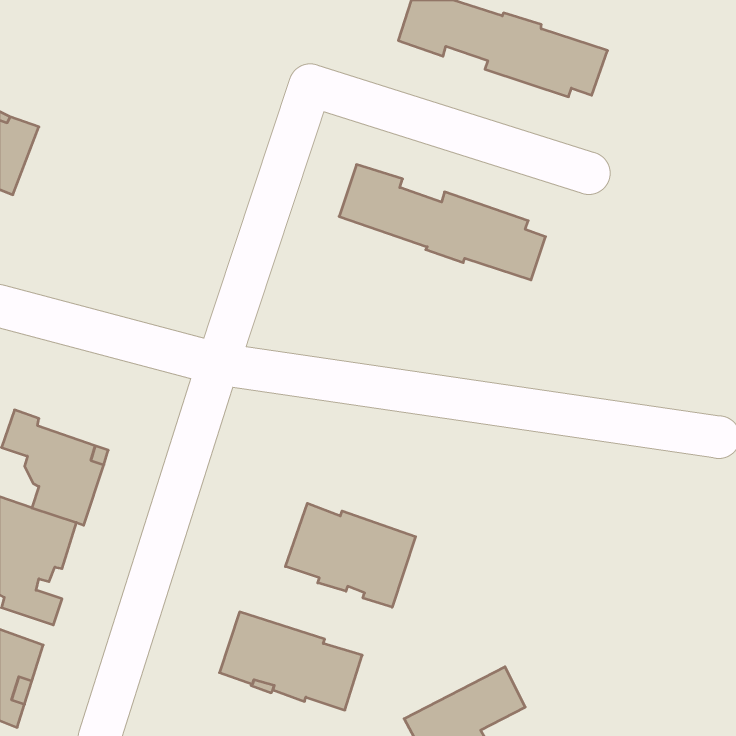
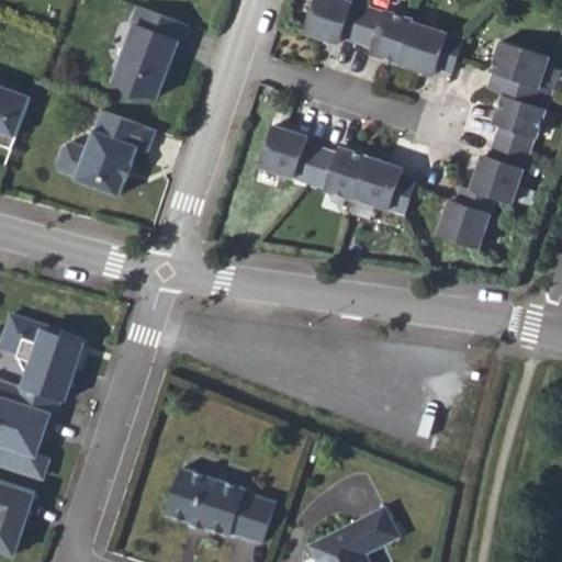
building: none -> [111,7,187,98]
building: none -> [436,40,551,247]
building: none -> [53,110,155,196]
building: [285,503,416,607] -> none

